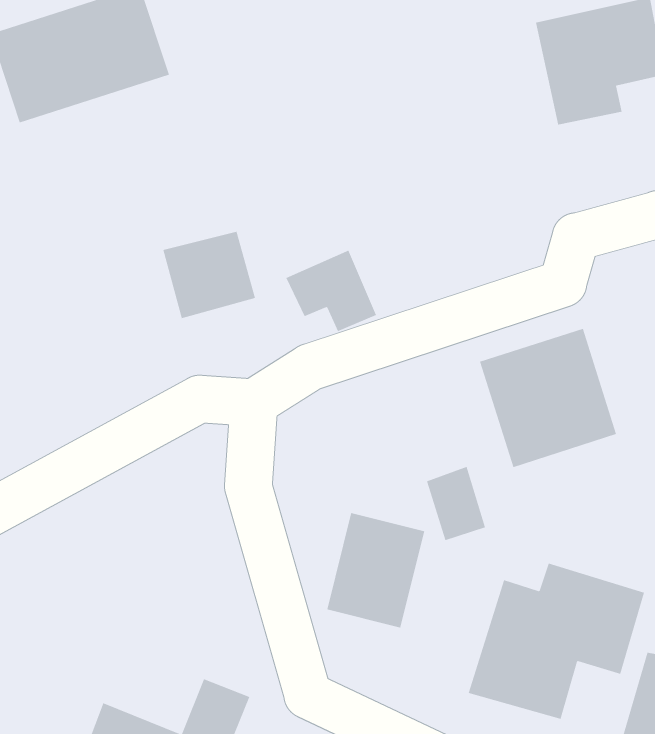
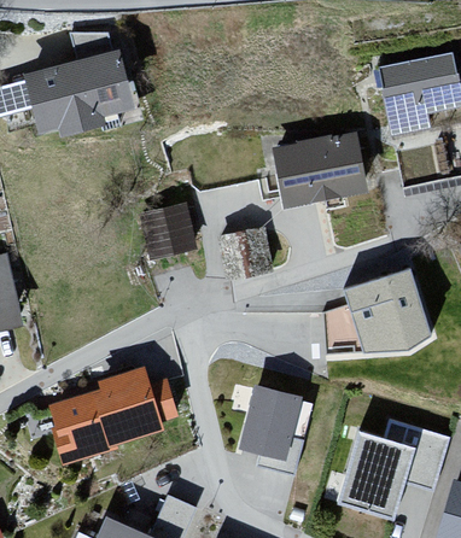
building: none -> [274,128,369,209]
building: [426,466,486,541] -> [317,299,356,347]
building: none -> [41,367,174,469]

